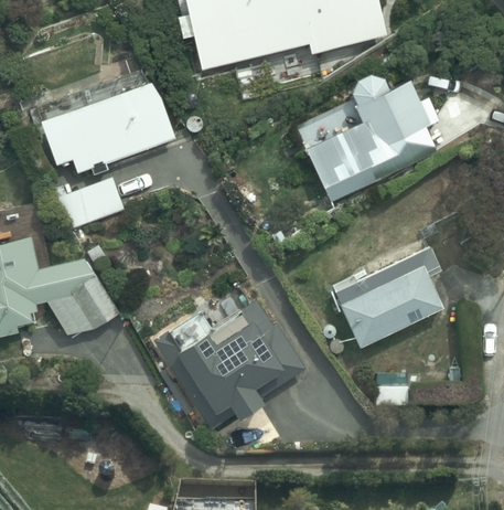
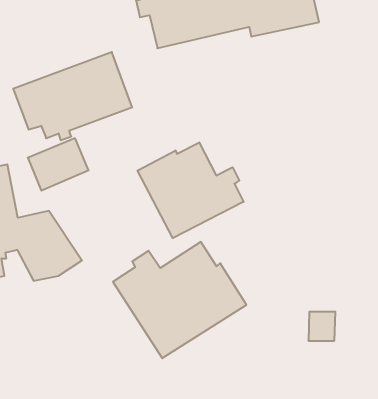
building: [291,70,431,210] -> none
building: none -> [138,142,244,238]
building: [332,251,442,351] -> none

